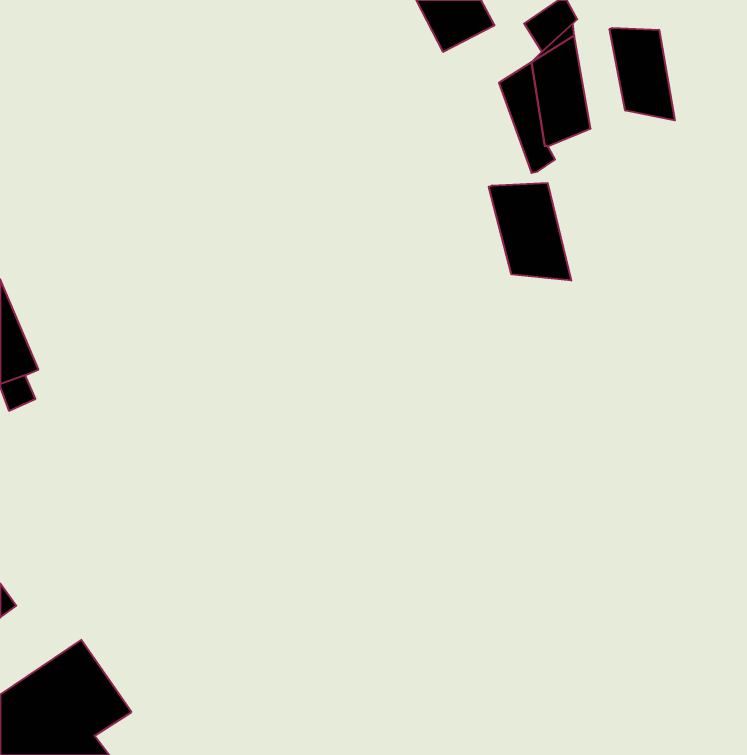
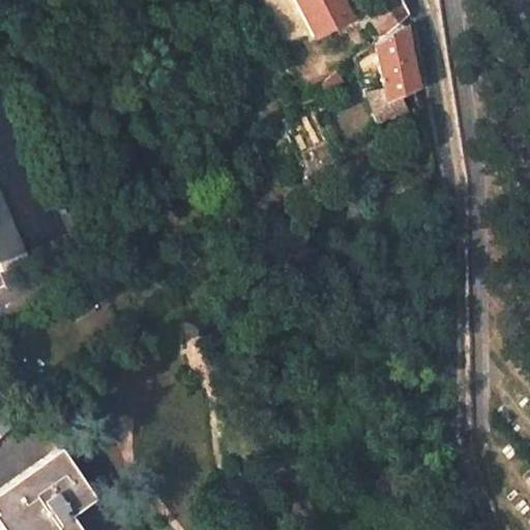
building: [610,28,675,120] -> none
building: [489,183,571,281] -> none

